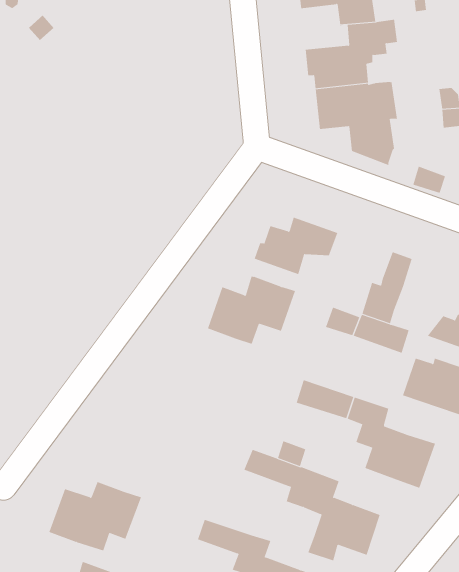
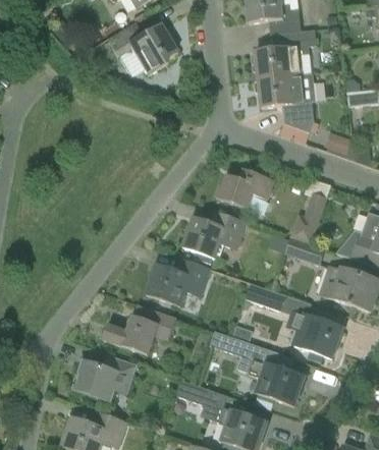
building: none -> [106,20,176,74]
building: none -> [146,257,210,305]
building: none -> [103,303,178,355]

